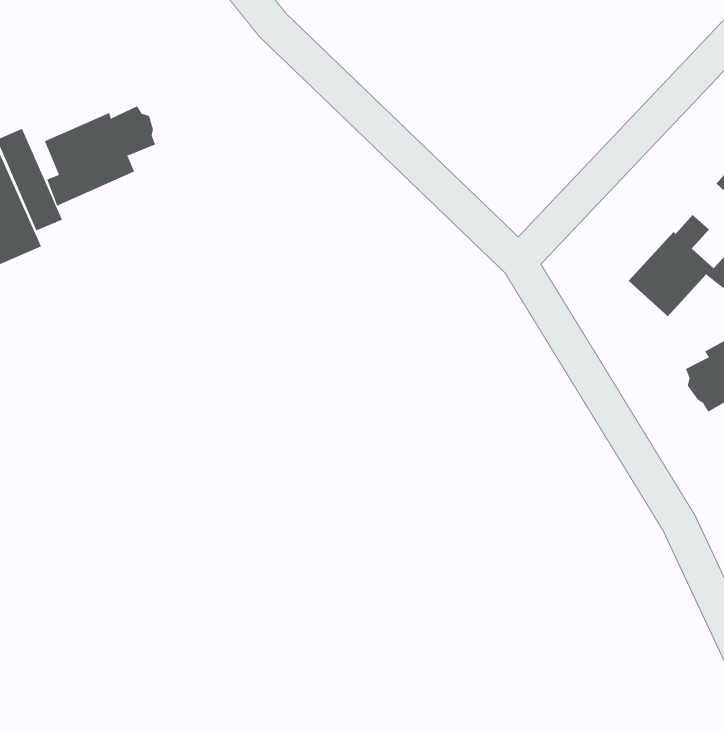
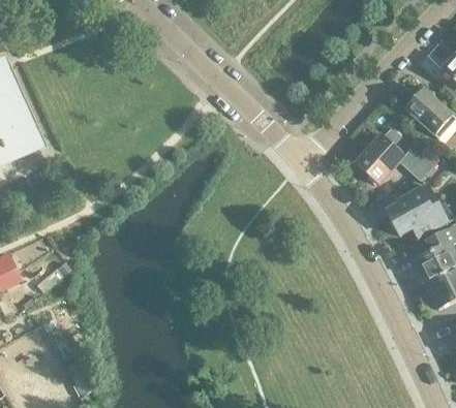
building: [44,106,156,207] -> none

